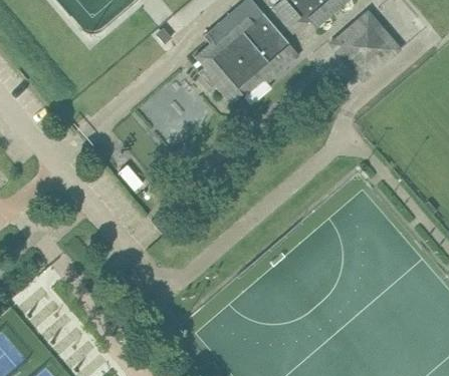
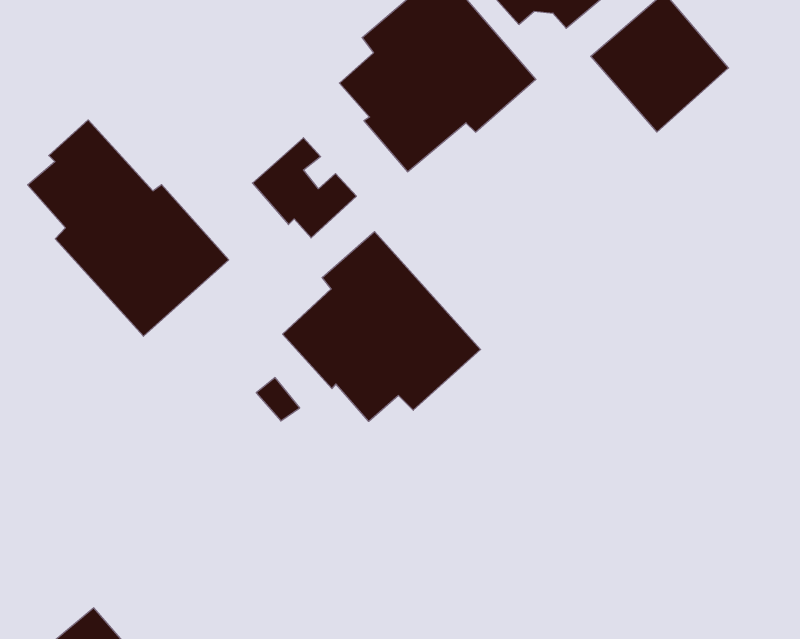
building: none -> [28,120,229,336]
building: none -> [283,232,481,421]

